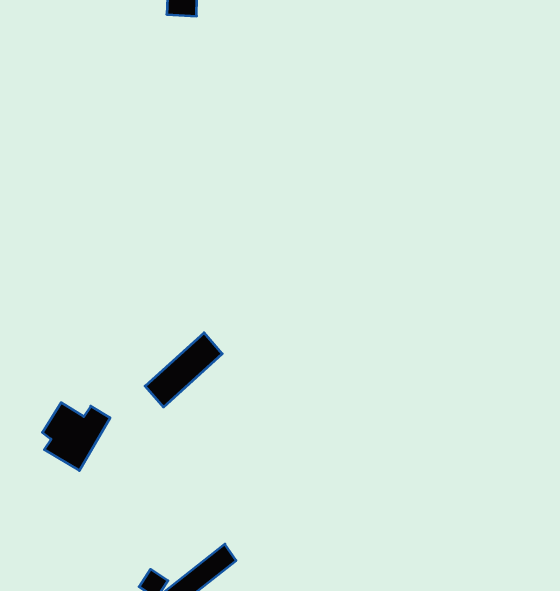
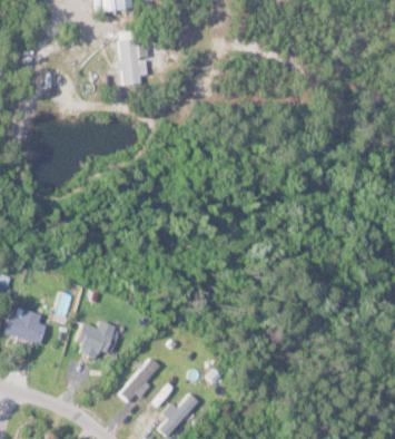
building: [145,333,222,407] -> [120,357,164,403]

